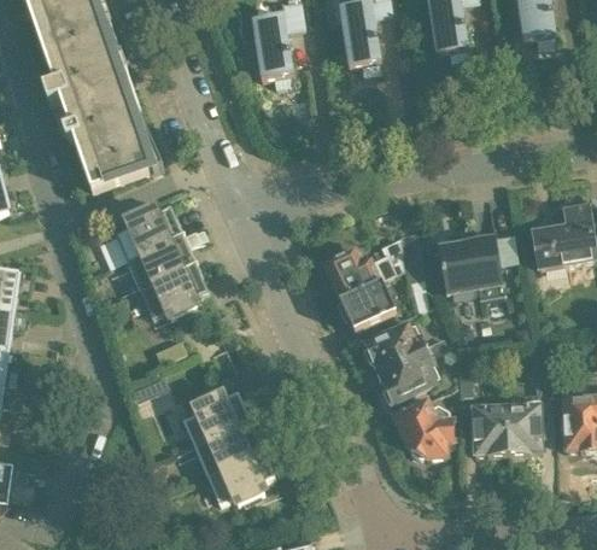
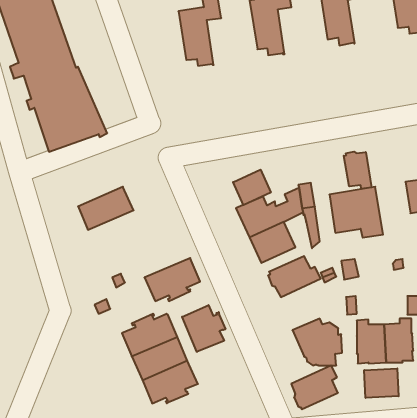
building: none -> [344,152,372,189]
building: [113,206,182,259] -> none
building: none -> [233,170,271,205]
building: [139,264,207,317] -> [144,258,200,301]
building: [377,349,435,403] -> [291,365,338,409]
building: none -> [182,305,225,352]
building: none -> [364,368,399,398]

